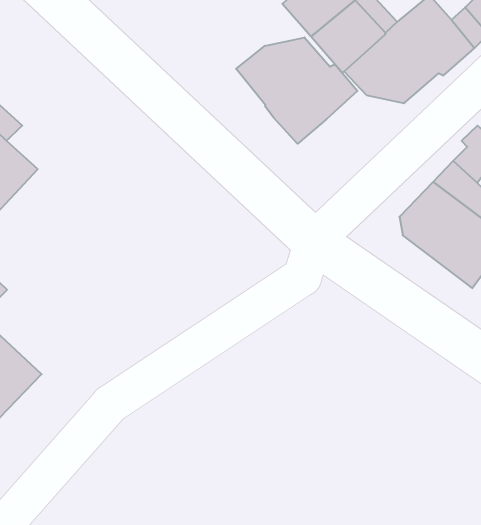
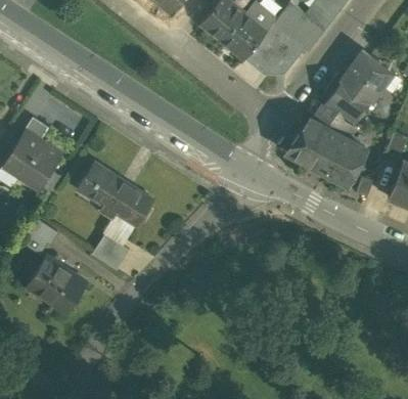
building: [236,37,357,144] -> none
building: none -> [78,161,153,224]
building: none -> [91,234,129,270]

